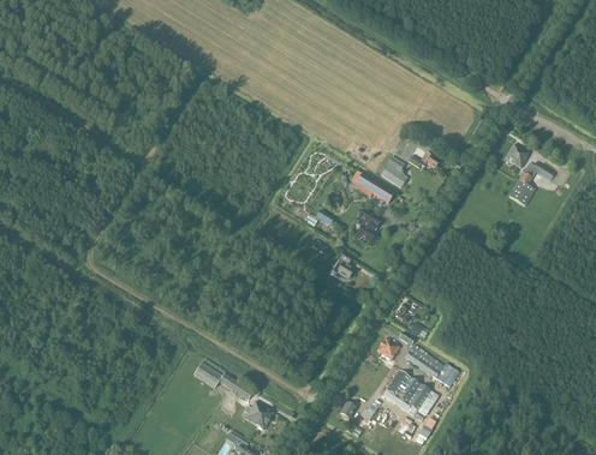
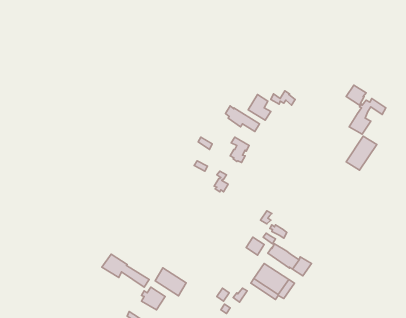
building: none -> [346,136,377,170]
building: none -> [155,268,186,296]

